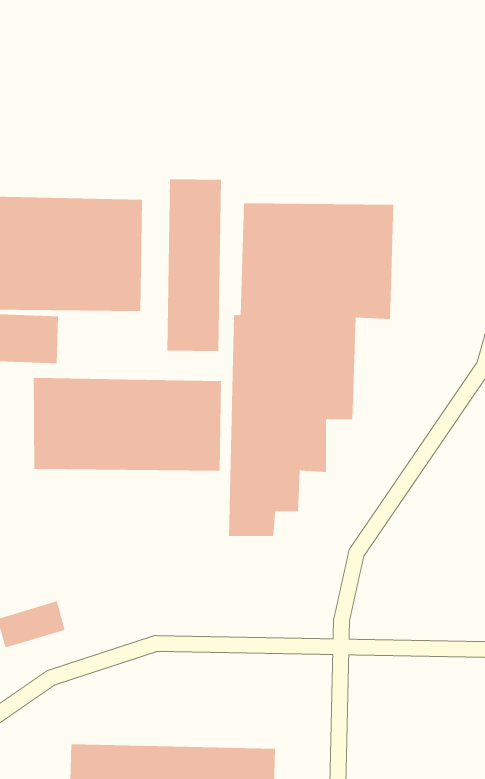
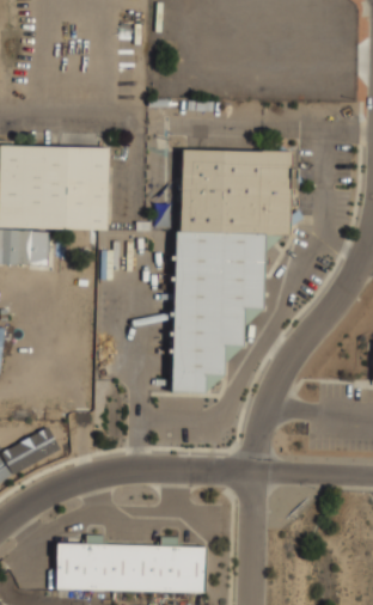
building: [167,178,221,352] -> none
building: [33,377,221,471] -> none

